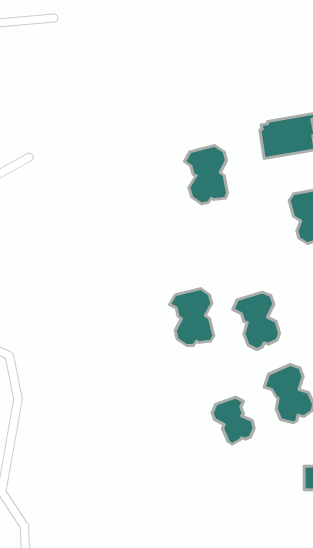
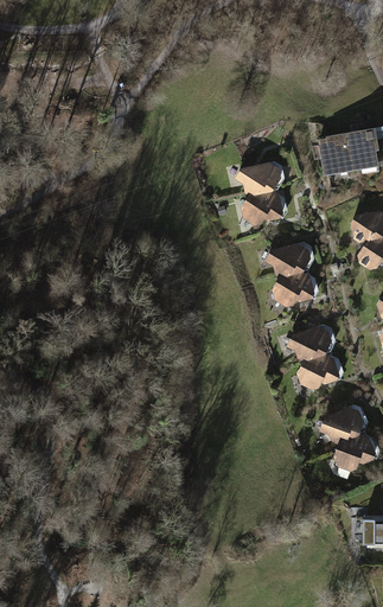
building: [170,288,214,346] -> [266,243,314,306]
building: [212,397,254,444] -> none

